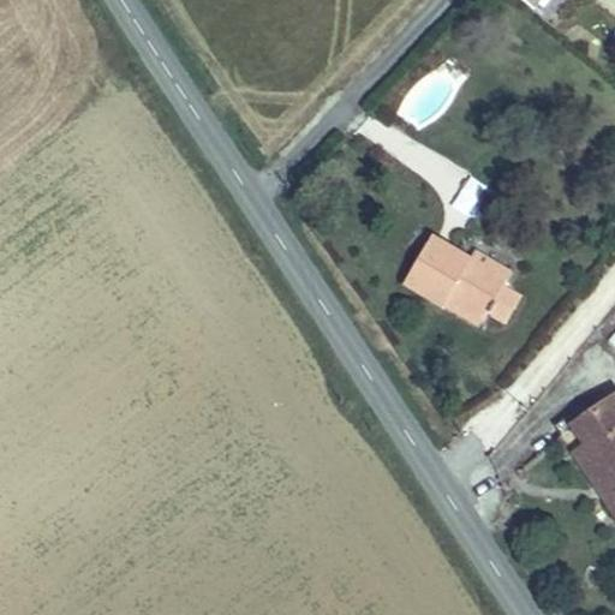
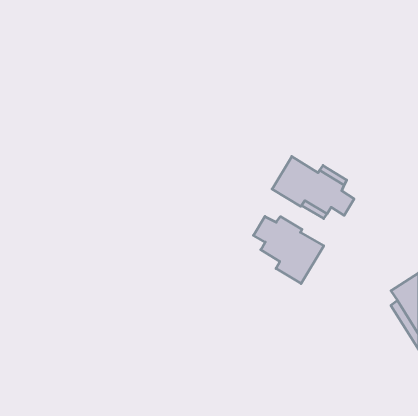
building: none -> [253,216,324,284]

